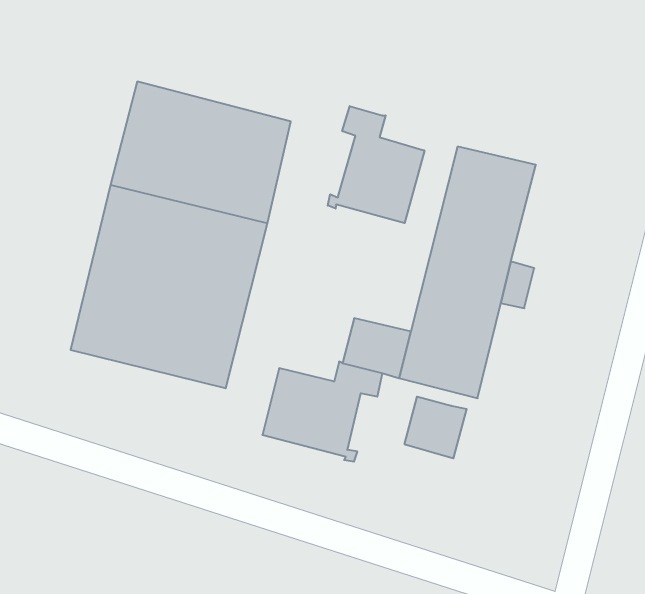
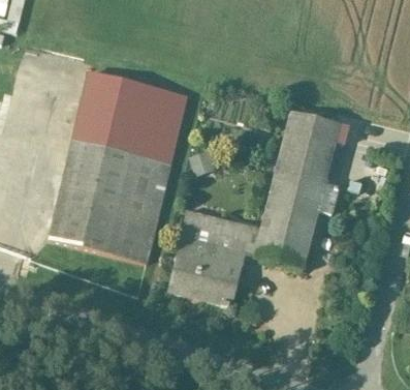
building: [328,106,424,223] -> none
building: none -> [181,208,227,257]
building: [405,397,467,458] -> none

